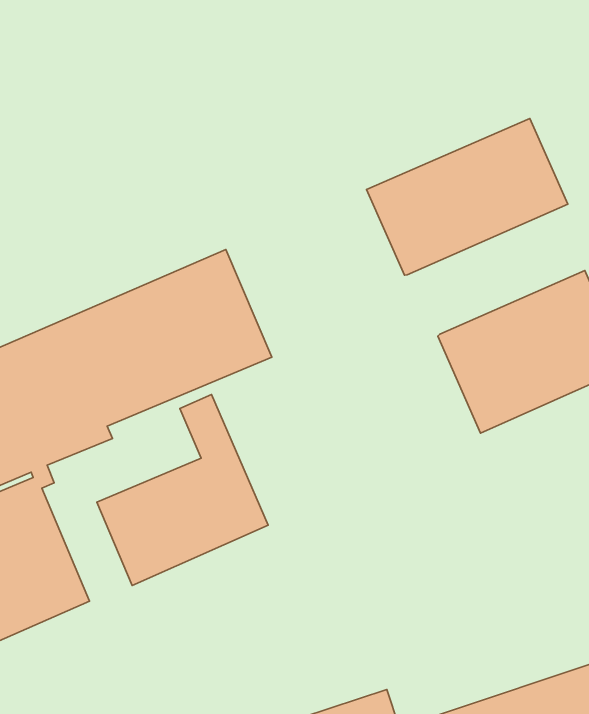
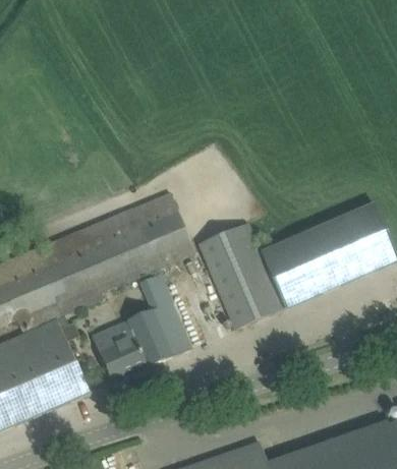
building: [367,119,568,275] -> none
building: none -> [197,222,314,331]

